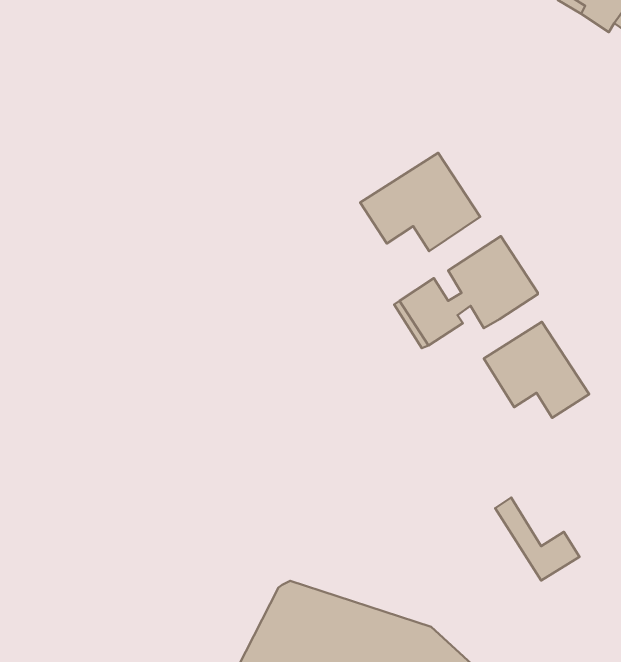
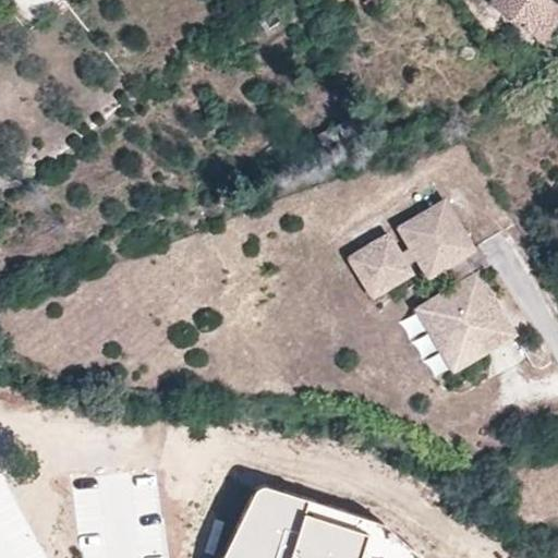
building: [360,153,480,251] -> none
building: [495,498,579,580] -> [413,303,483,372]

